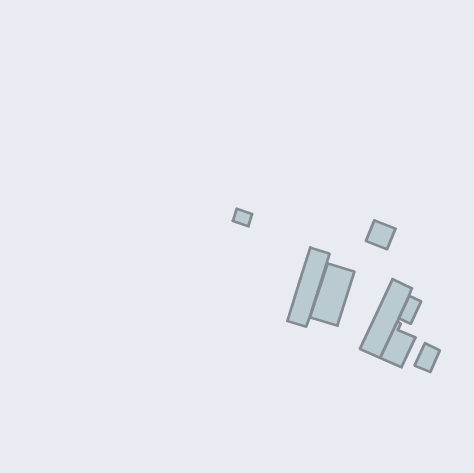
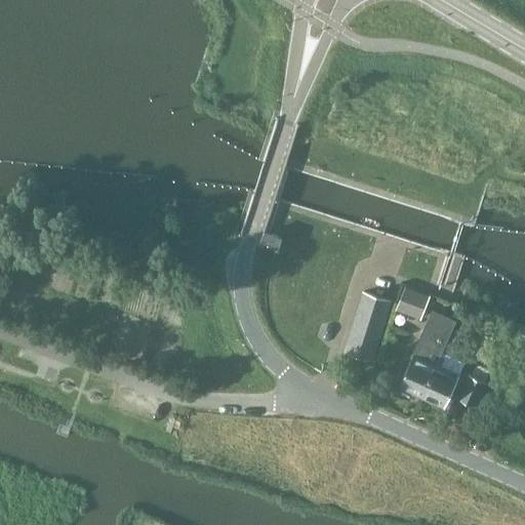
building: [366,220,396,249] -> [396,286,429,318]
building: [287,247,329,327] -> none

